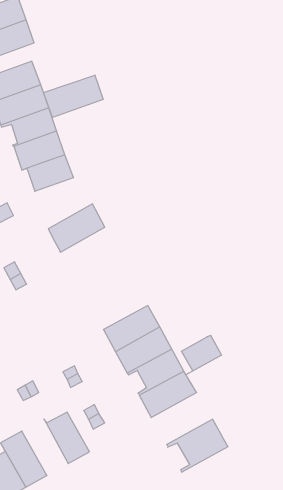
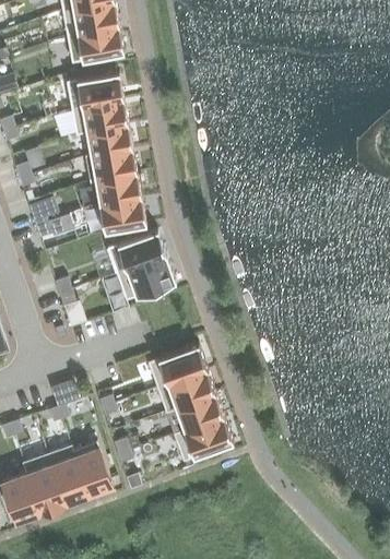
building: [43,75,103,118] -> none
building: none -> [98,199,145,231]
building: none -> [115,255,175,299]
building: [182,335,222,375] -> none
building: none -> [45,444,87,503]
building: [167,419,228,472] -> none

